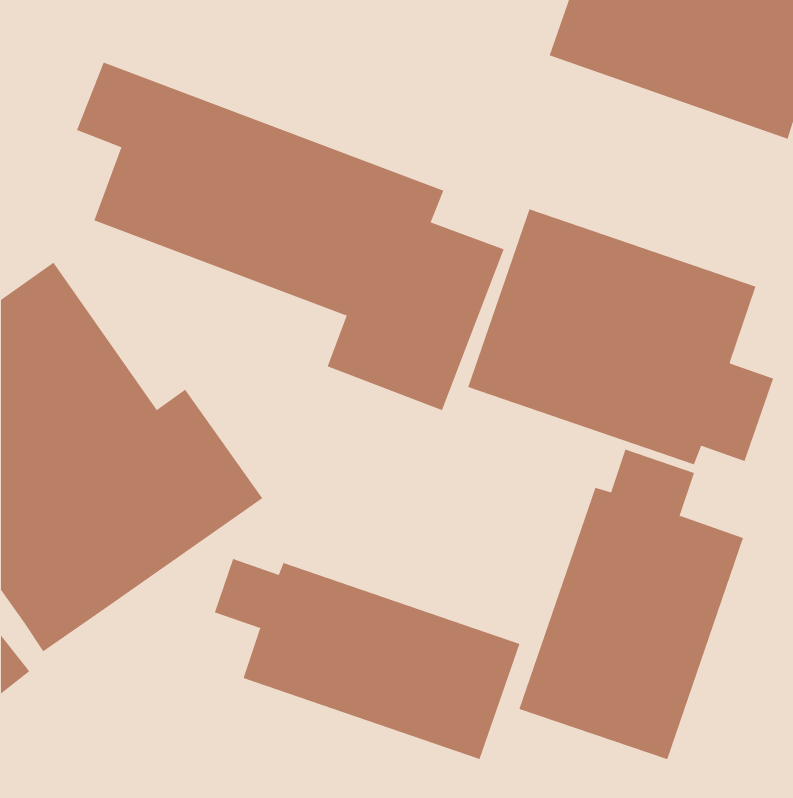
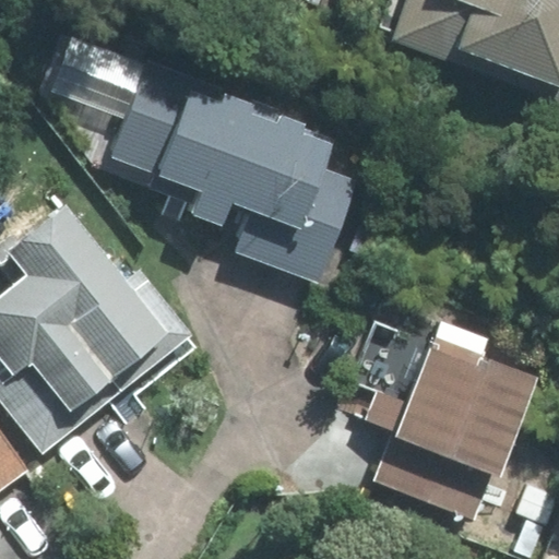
building: [467,208,774,465] -> none
building: [214,558,520,760] -> none

